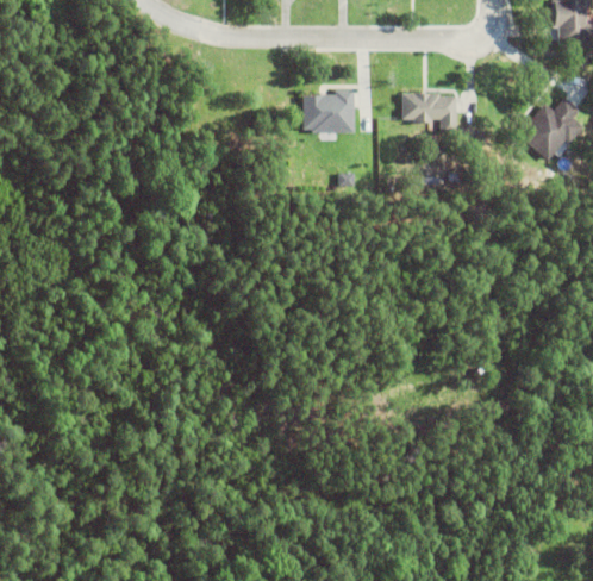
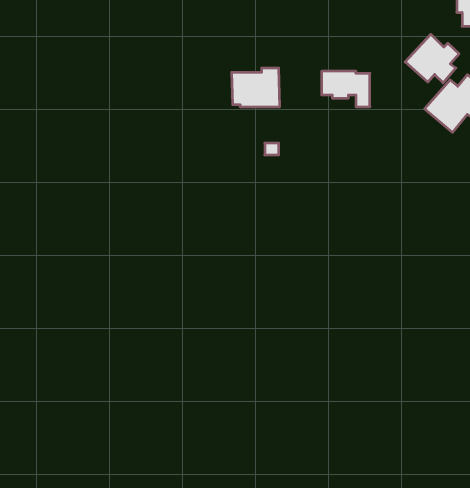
building: none -> [405,34,459,83]

